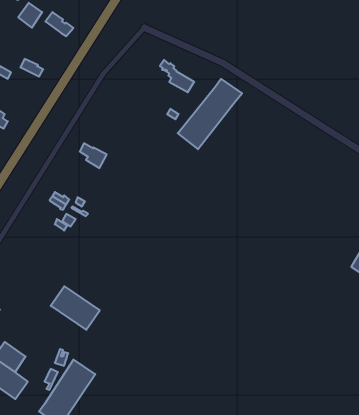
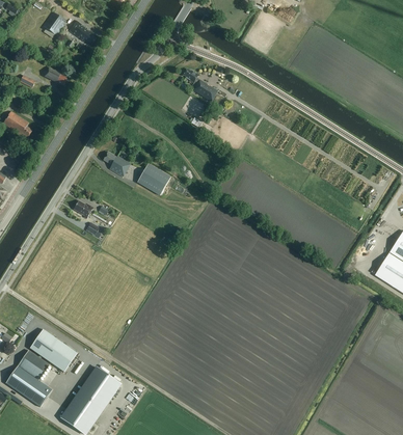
building: [178,79,242,149] -> none
building: none -> [137,163,170,194]
building: [51,286,100,330] -> [29,327,78,371]

